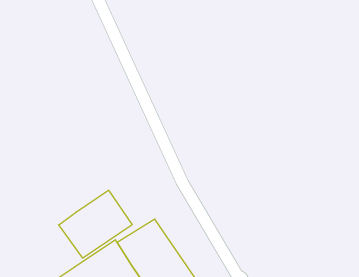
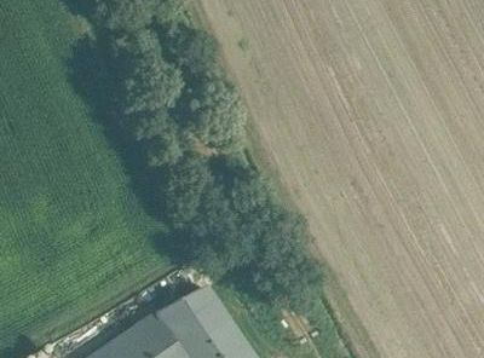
building: [59,190,132,258] -> none

